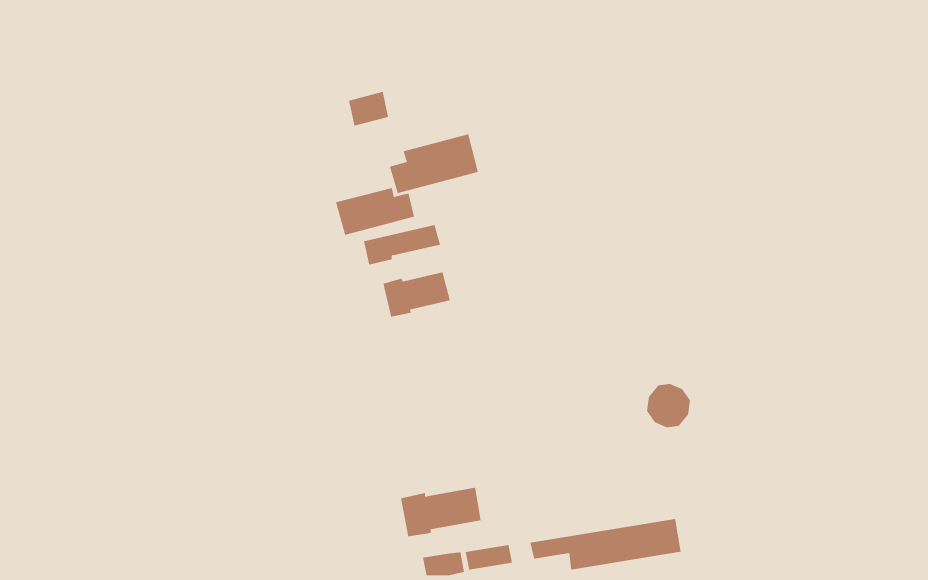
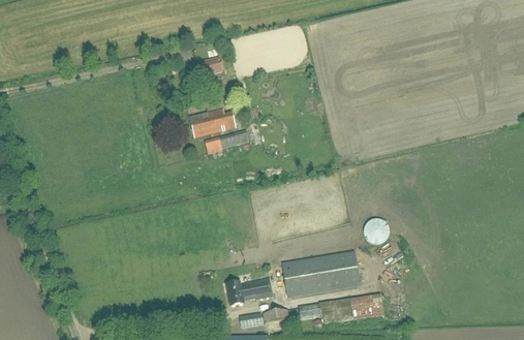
building: [389,133,478,194] -> none
building: [383,271,450,318] -> none
building: none -> [282,252,360,297]

